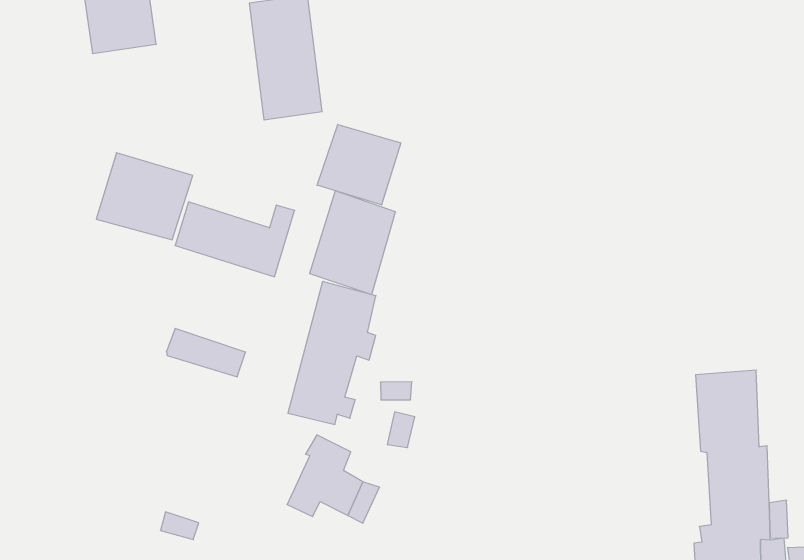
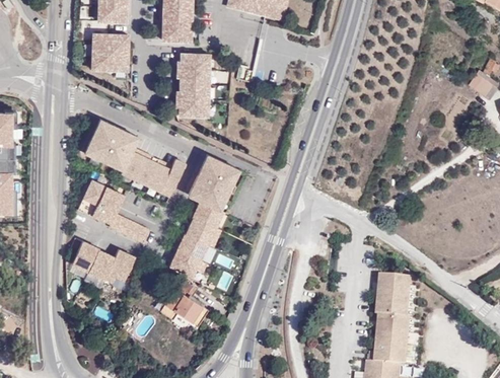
building: [317,124,401,205] -> none
building: none -> [75,176,122,222]
building: none -> [68,241,132,284]

